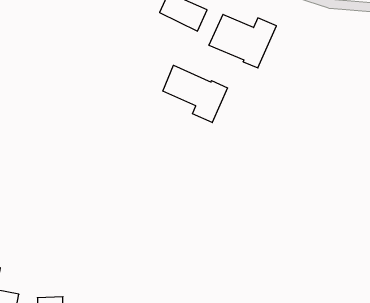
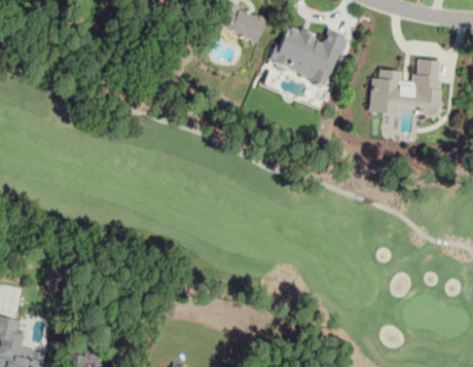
building: none -> [371,61,442,109]
building: [163,65,228,123] -> none

